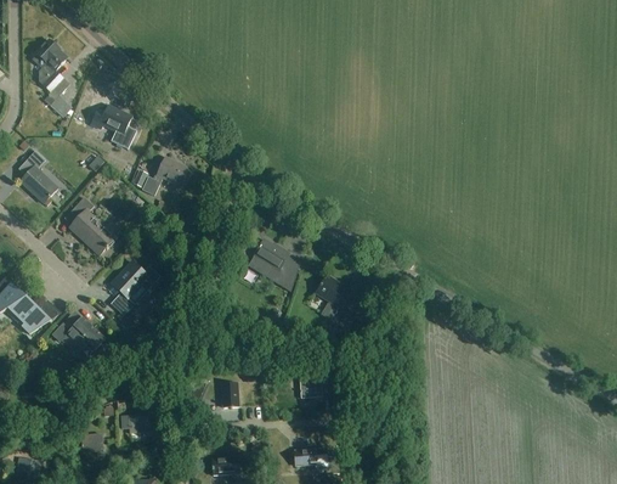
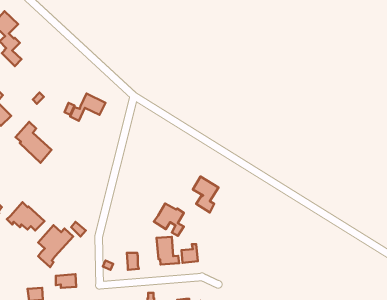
building: [91,106,132,134] -> none
building: [248,240,290,286] -> [154,203,184,236]
building: [112,260,162,320] -> [38,225,73,267]
building: none -> [156,237,179,265]

